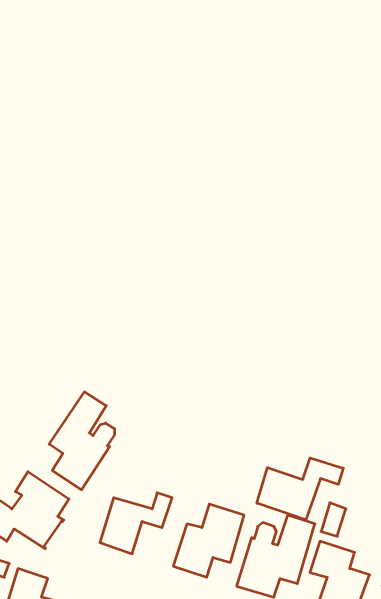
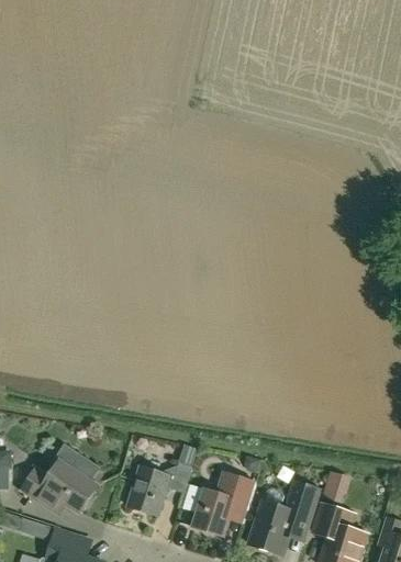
building: [49,392,115,490] -> none
building: [257,458,343,520] -> none

